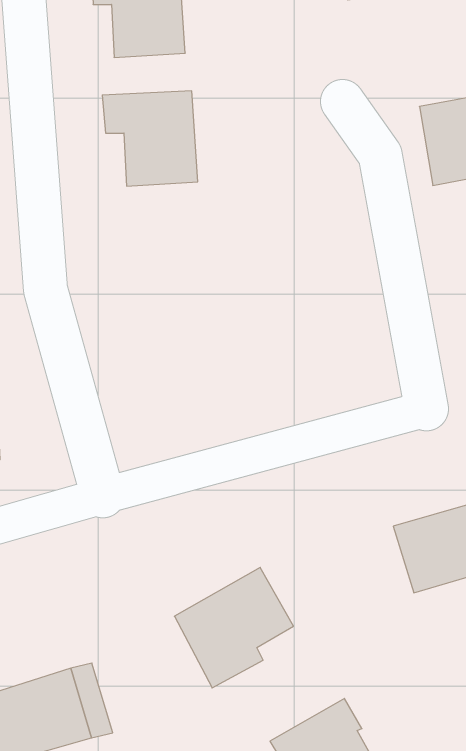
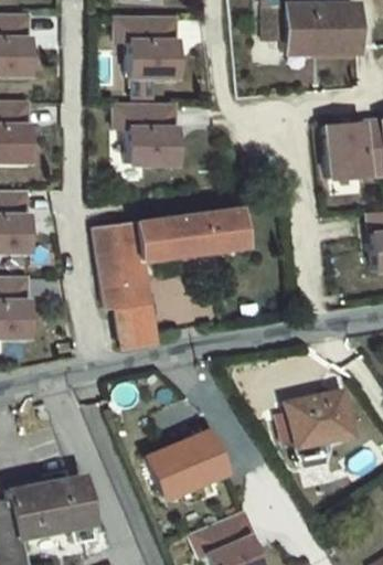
building: none -> [94,206,245,353]

